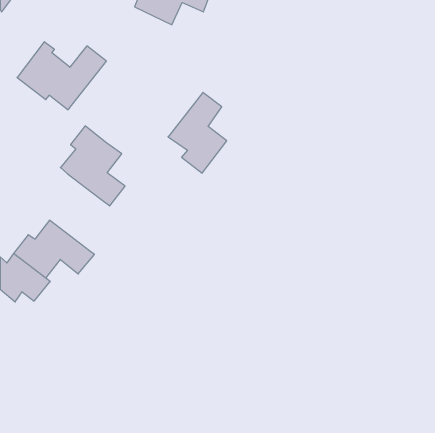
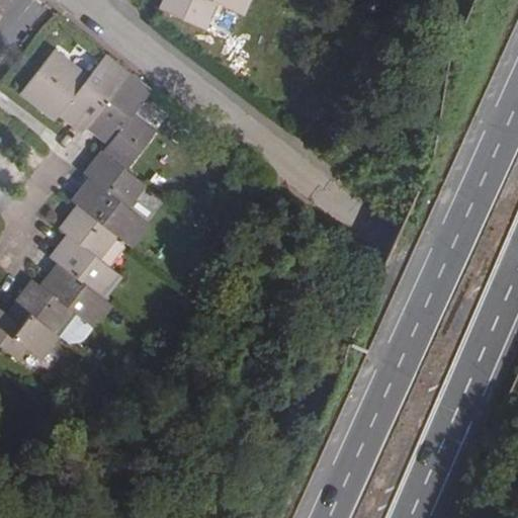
building: [168,92,227,173] -> [85,73,155,169]
building: none -> [53,206,123,298]

